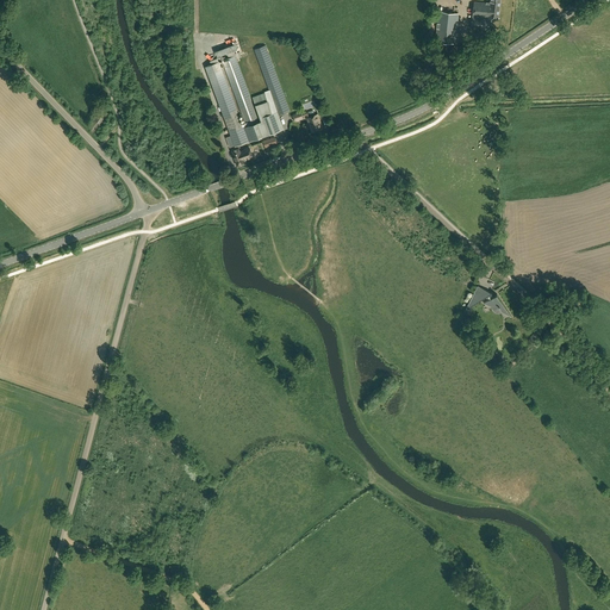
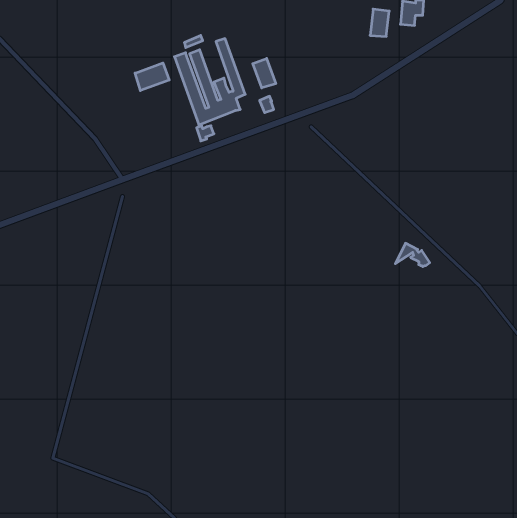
building: none -> [253,58,276,88]
building: none -> [135,63,169,91]

